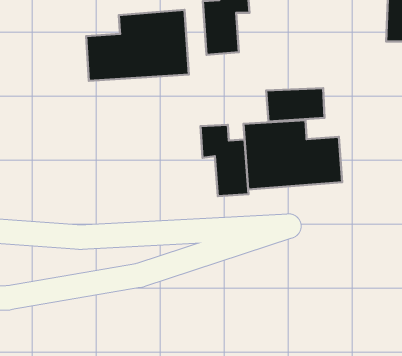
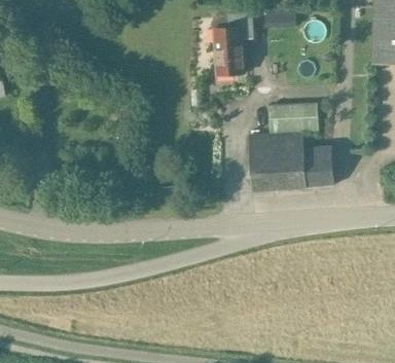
building: [86,10,189,81] -> none
building: [200,125,249,196] -> none

